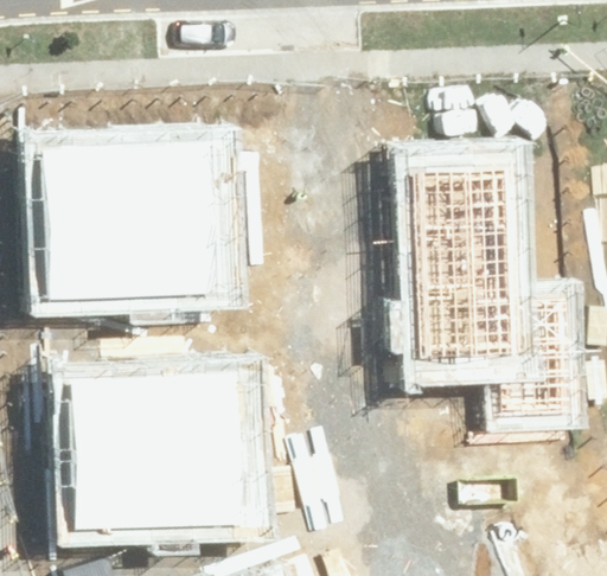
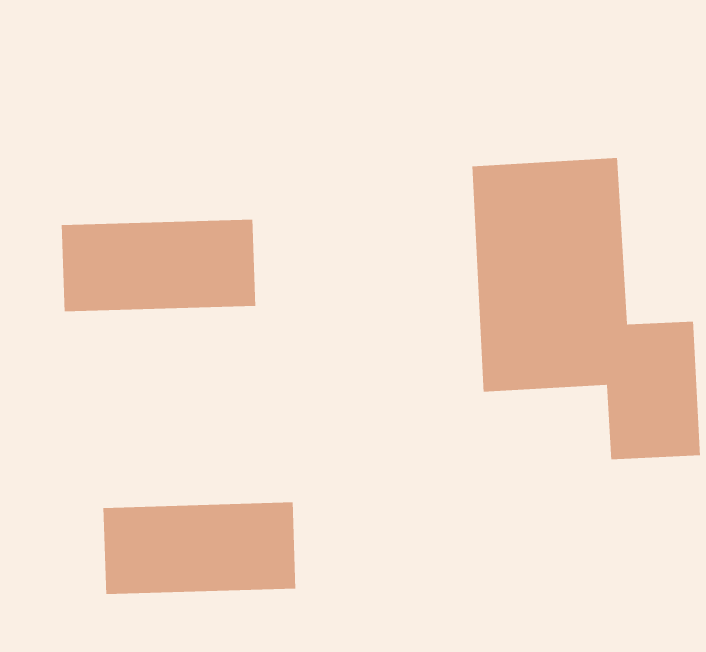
building: [53,148,213,220] -> none
building: [87,382,247,454] -> none

